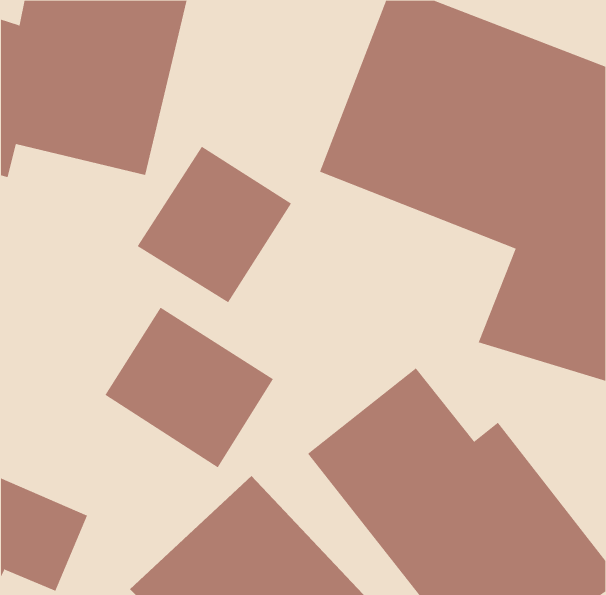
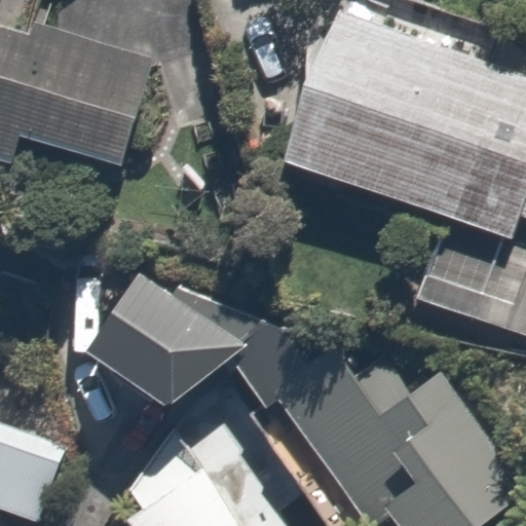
building: [137,146,292,303] -> none

